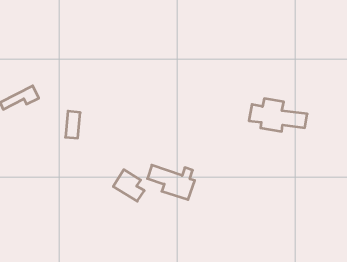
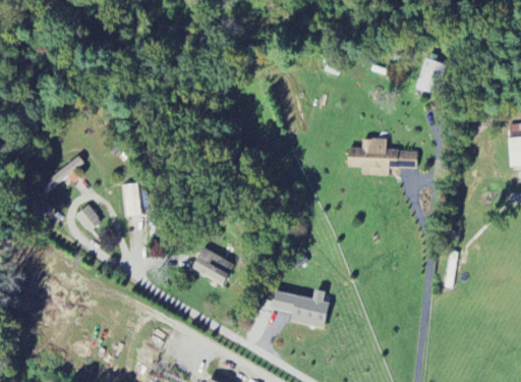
building: none -> [417,58,438,91]
building: none -> [74,204,102,232]
building: [147,165,195,200] -> [271,288,329,327]

